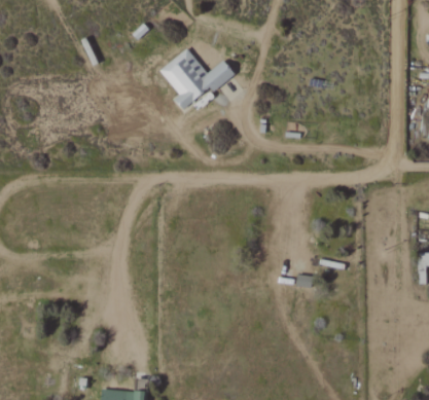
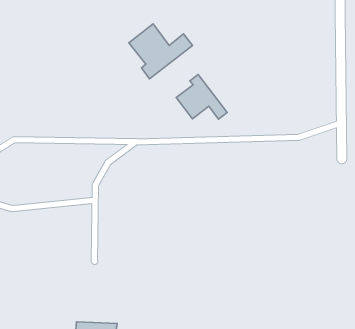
building: none -> [176,74,227,119]

